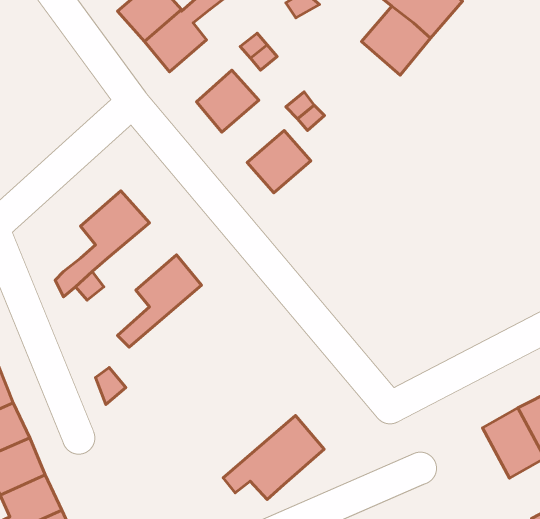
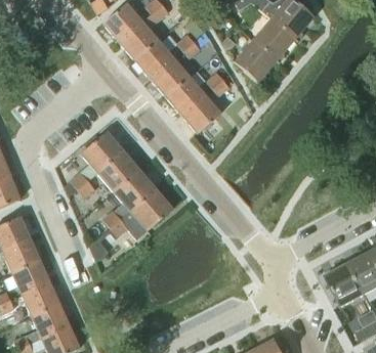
building: none -> [134,39,172,77]
building: none -> [233,40,275,81]
building: none -> [166,76,204,114]
building: none -> [96,150,138,191]
building: [223,416,324,500] -> [110,188,171,239]

